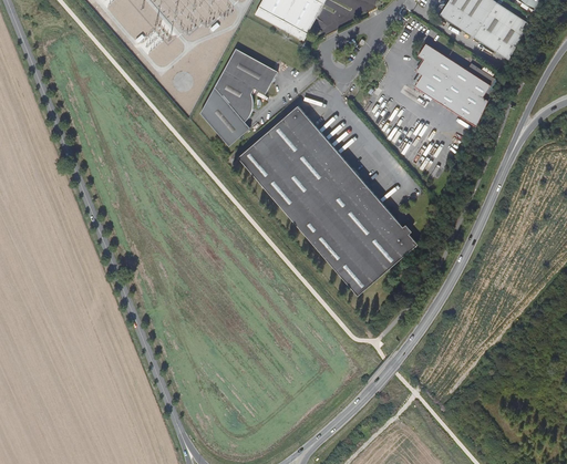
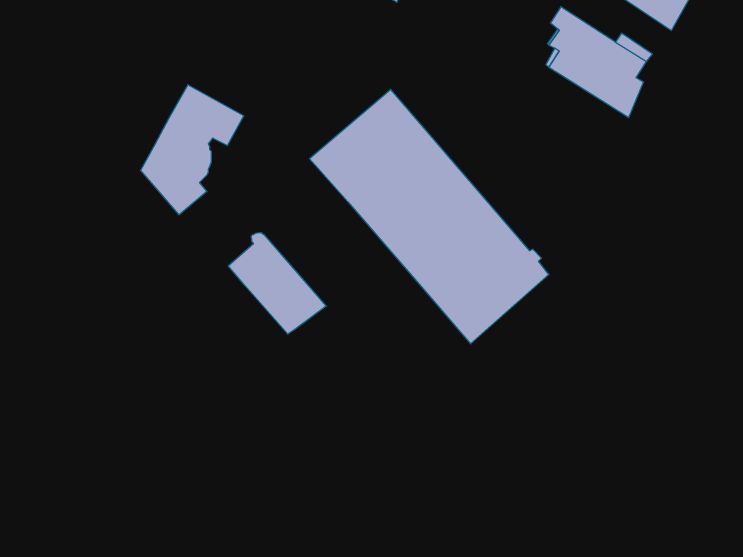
building: [200,49,278,146] -> [140,85,244,215]
building: none -> [228,232,326,334]

